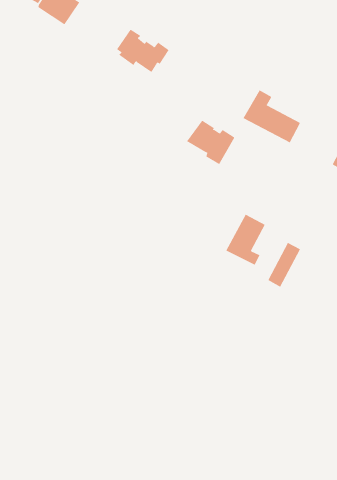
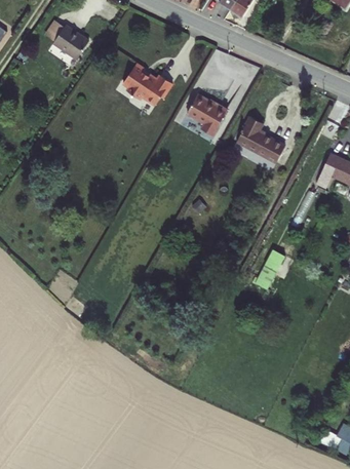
building: [186,120,235,165] -> [187,97,229,136]
building: [225,214,265,265] -> none

